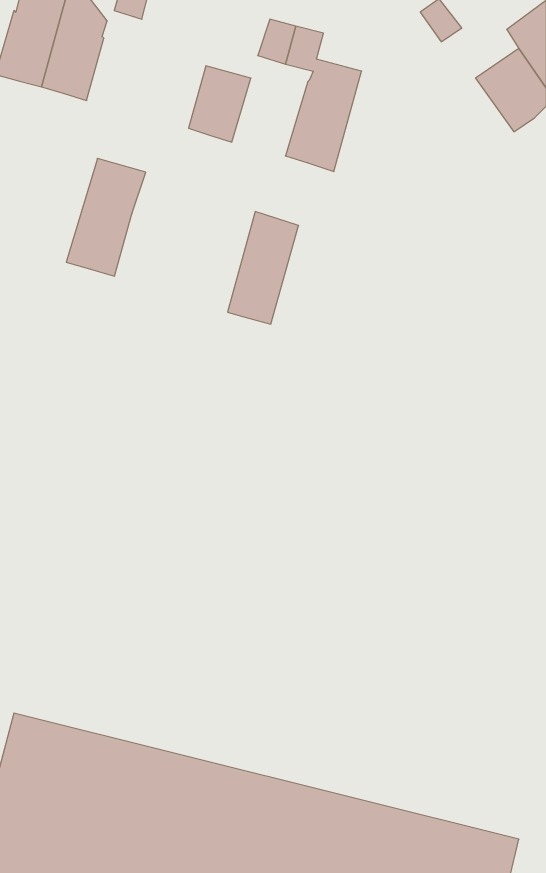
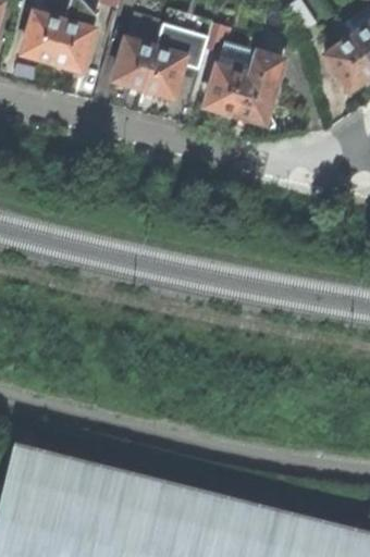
building: [66,158,146,276] -> [113,12,163,86]
building: [228,212,299,324] -> [235,50,280,121]

